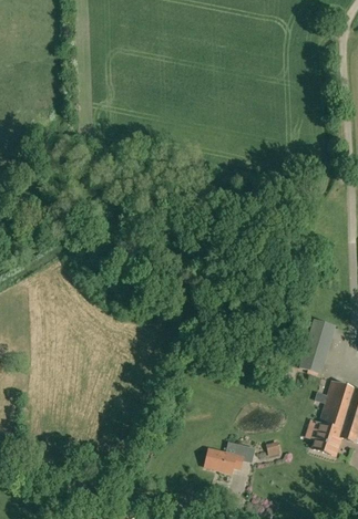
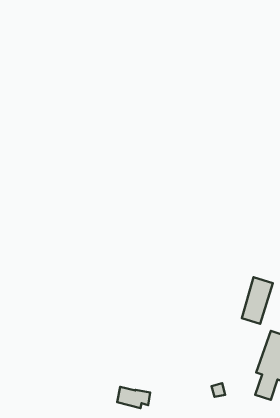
building: [205,447,243,471] -> [117,387,150,408]

